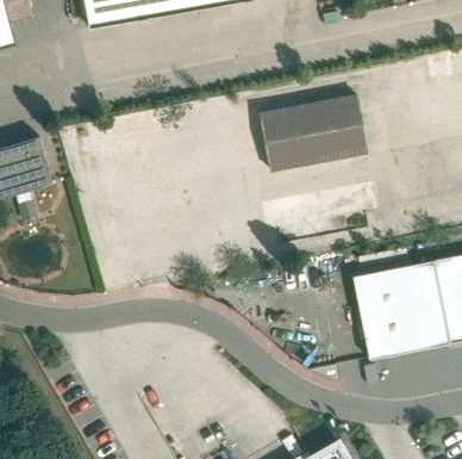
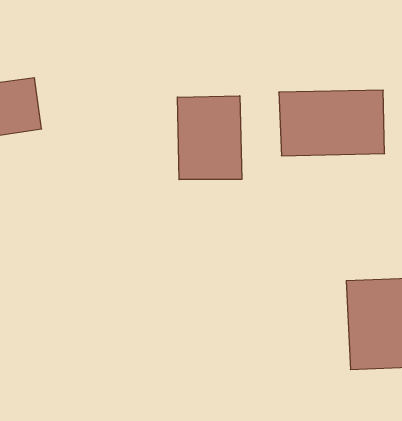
building: none -> [177,96,242,180]

